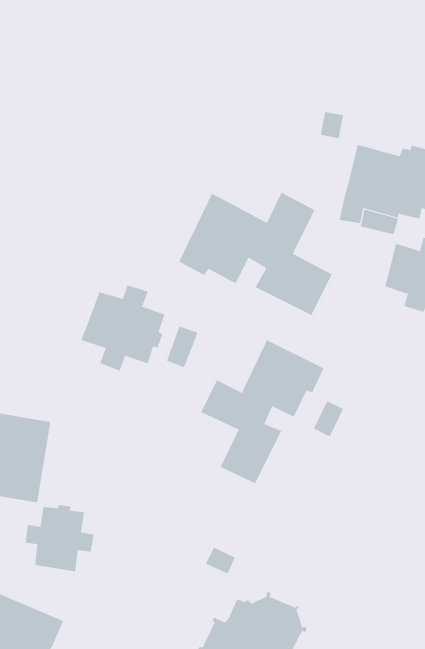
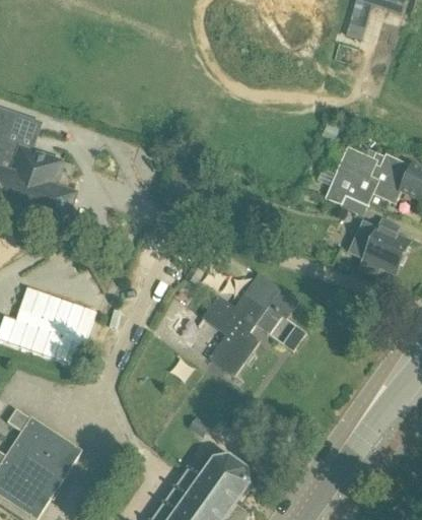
building: [179,192,333,316] -> none
building: [81,284,165,372] -> none
building: [25,504,94,572] -> none

